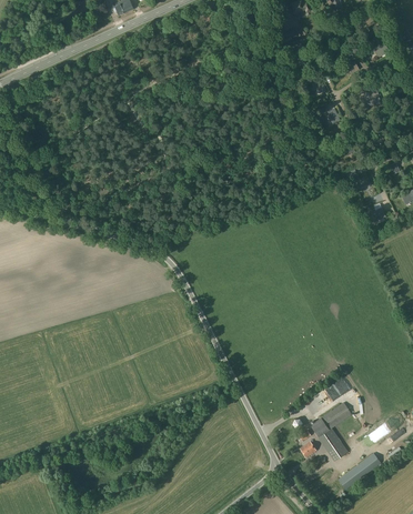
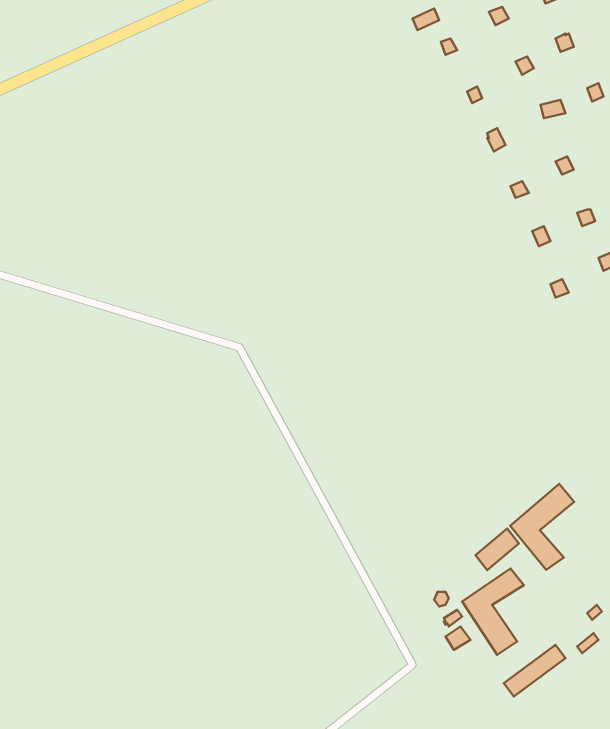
building: none -> [510,484,574,570]

